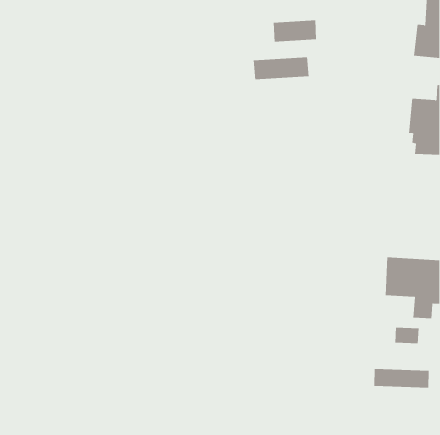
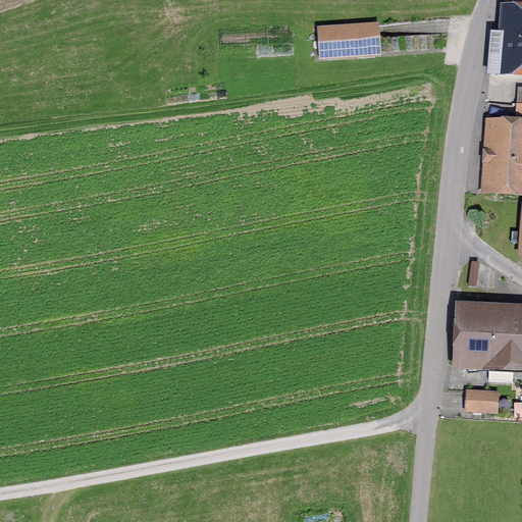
building: [253,56,309,80] -> none
building: [374,368,429,388] -> none

